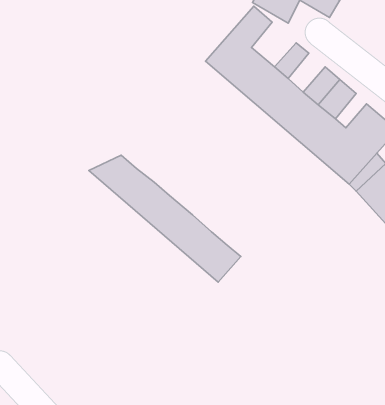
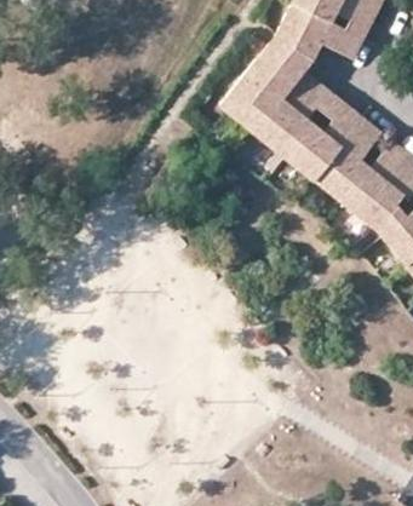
building: none -> [270,61,317,108]
building: [89,155,241,282] -> none

